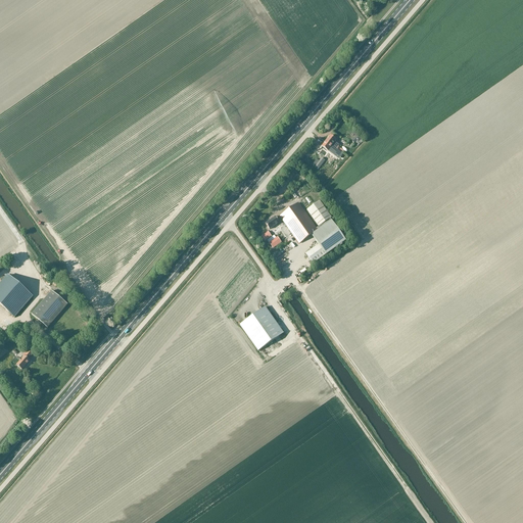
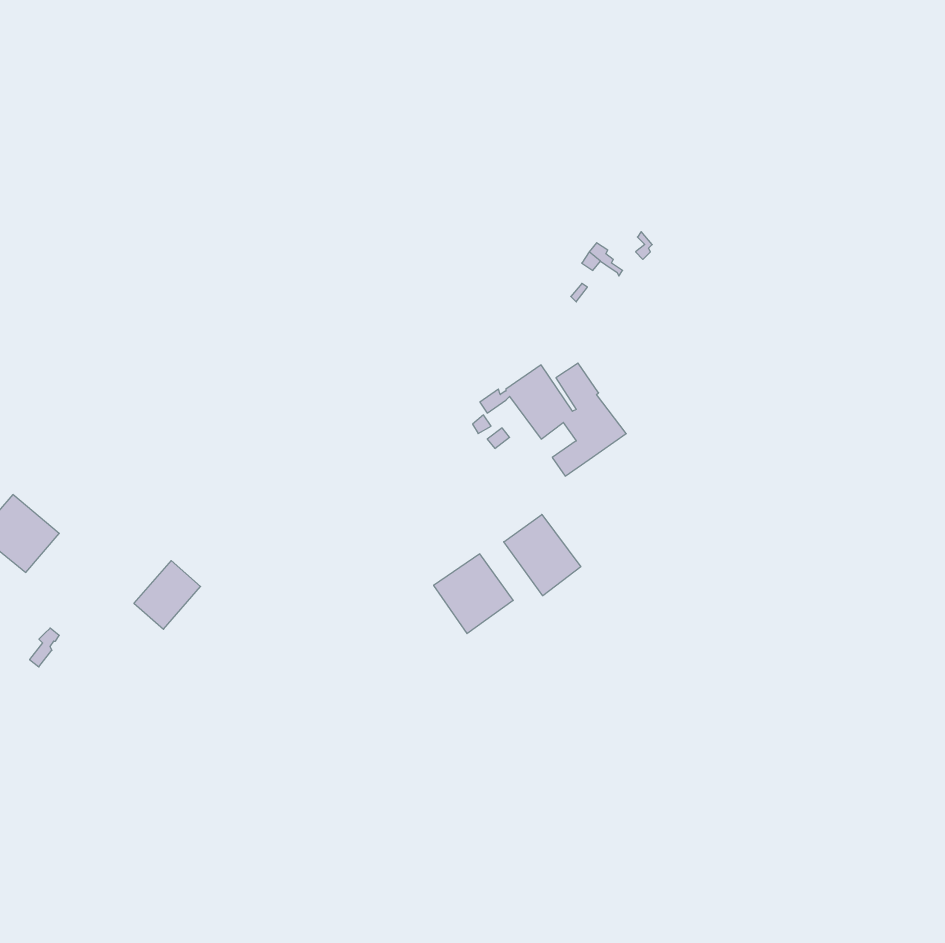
building: none -> [504,514,581,596]
building: [31,289,67,327] -> [134,561,201,629]

